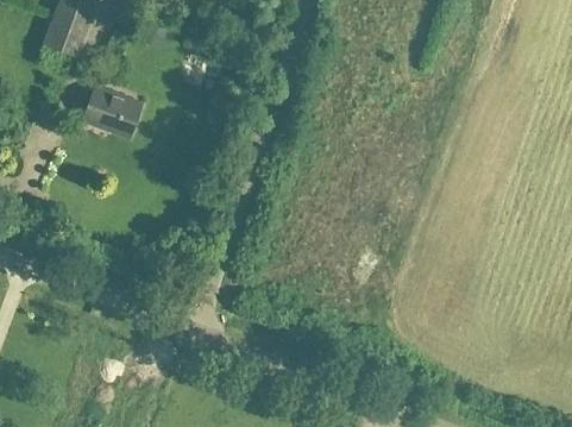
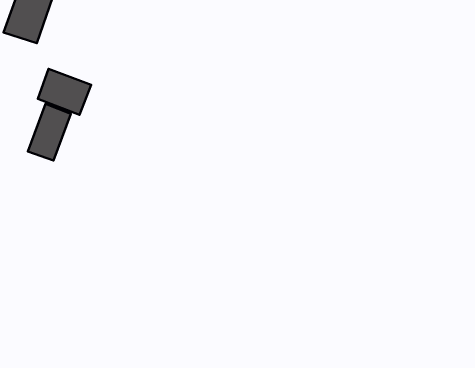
building: none -> [28,104,71,160]

